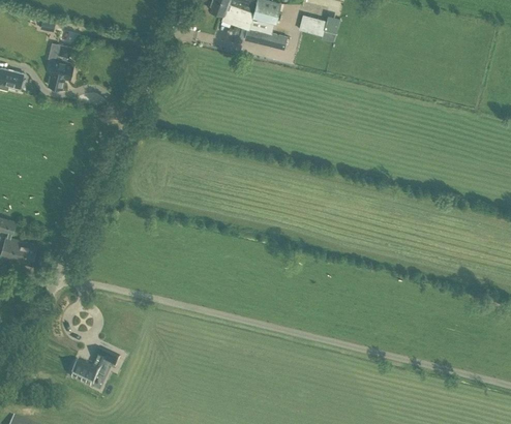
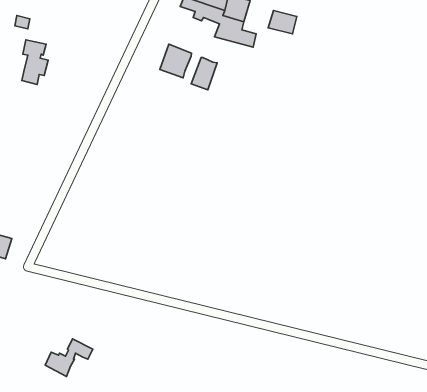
building: none -> [160,44,192,78]
building: none -> [191,58,217,90]

